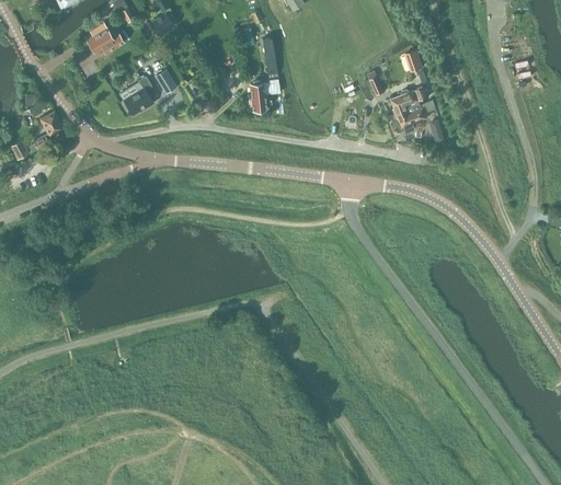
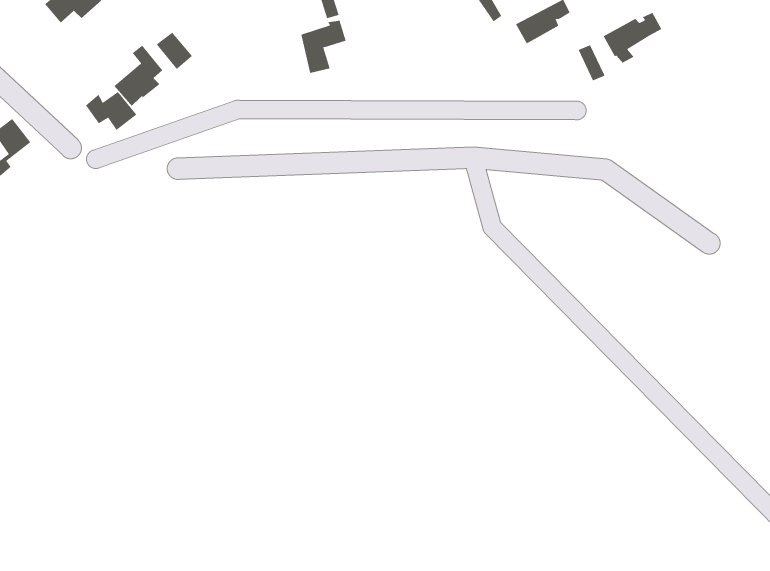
building: [396,102,435,132] -> [603,12,662,64]
building: none -> [85,91,137,131]

